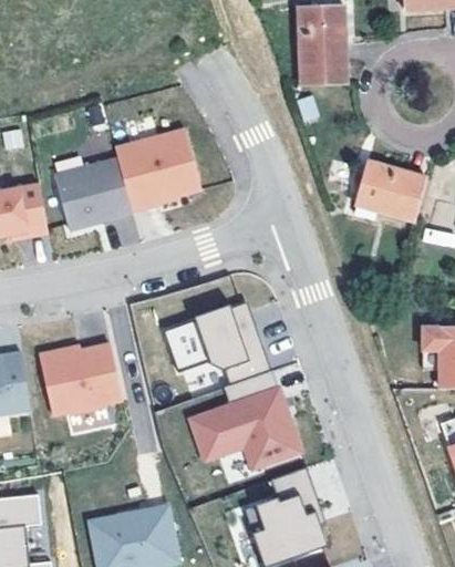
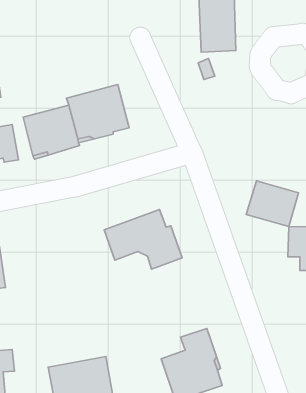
building: [354,159,426,223] -> [246,181,298,226]
building: [38,346,121,416] -> none
building: [190,369,301,467] -> none

